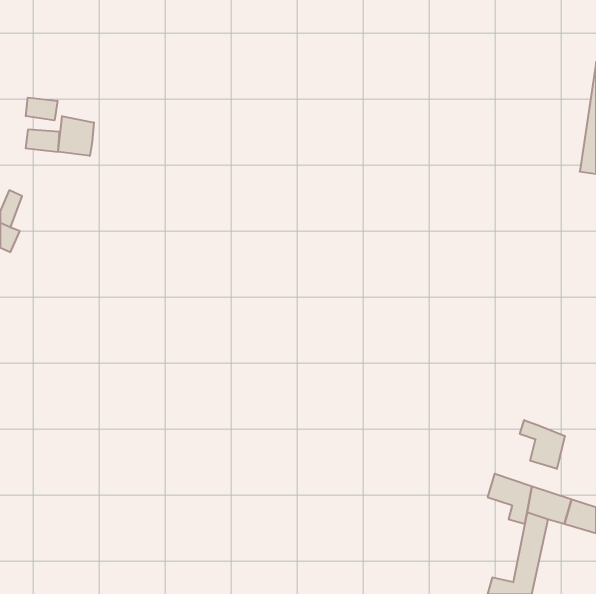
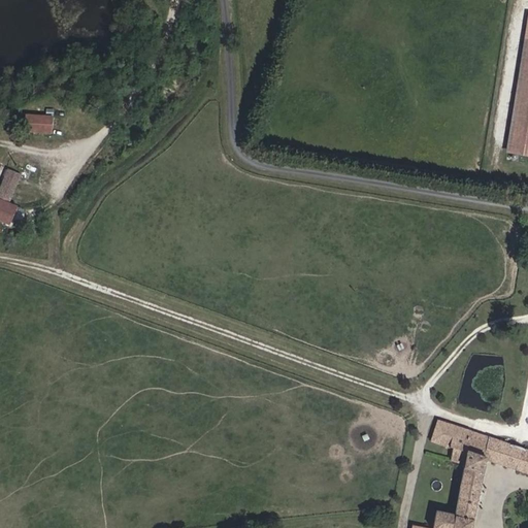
building: [26,98,57,120] -> none
building: [58,116,94,156] -> none
building: [520,420,565,469] -> none

